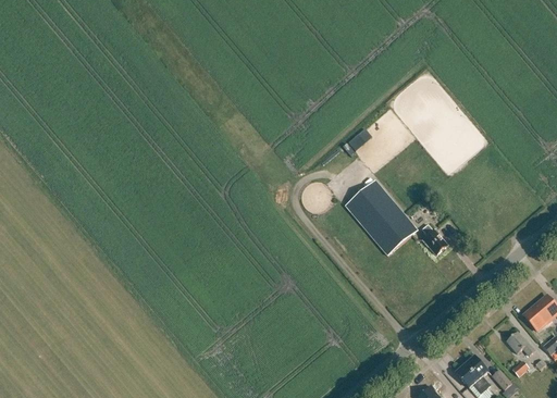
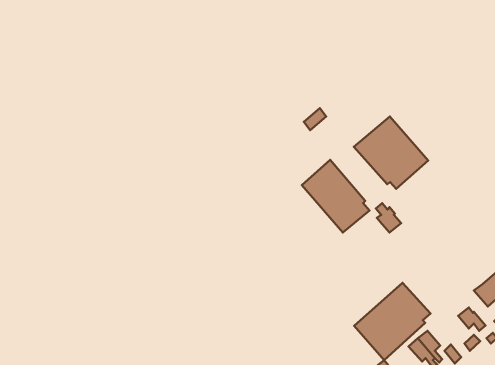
building: none -> [354,116,428,189]
building: none -> [354,283,430,360]

